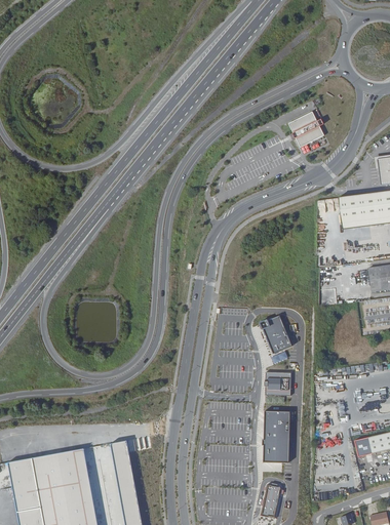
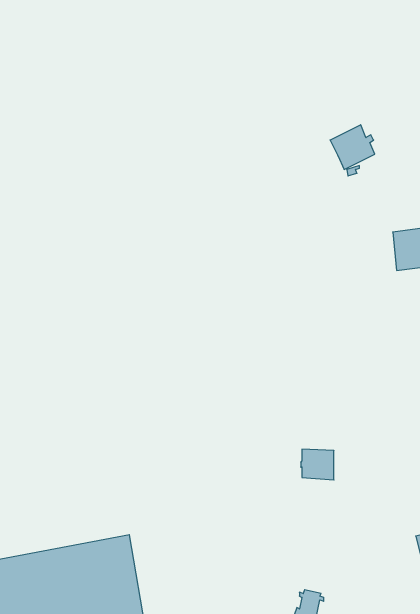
building: [258,316,290,352] -> none
building: [262,411,289,462] -> none

